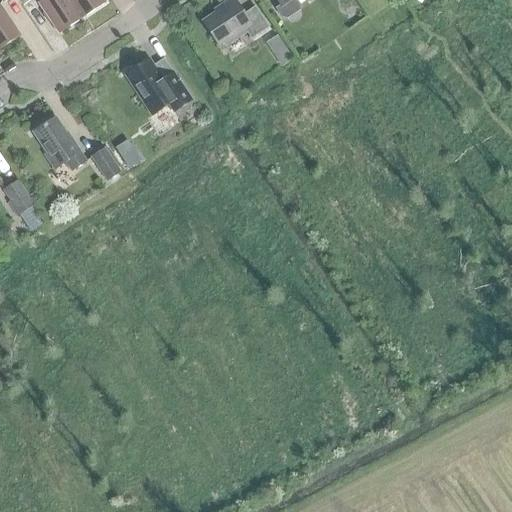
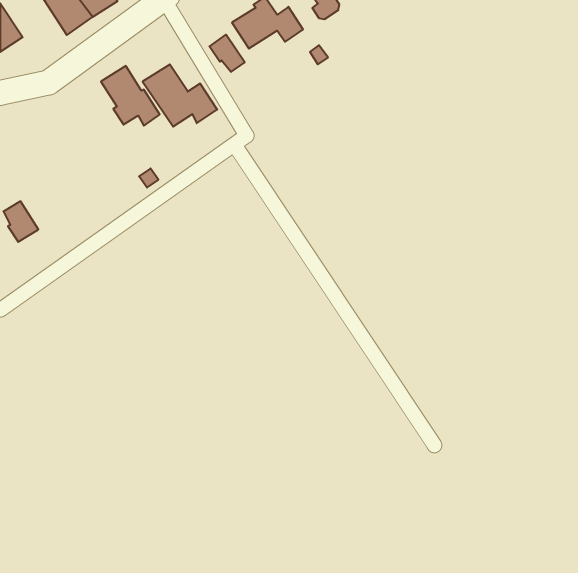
building: none -> [209,35,245,72]
building: [33,116,85,169] -> [101,66,160,126]
building: [90,145,121,180] -> none

